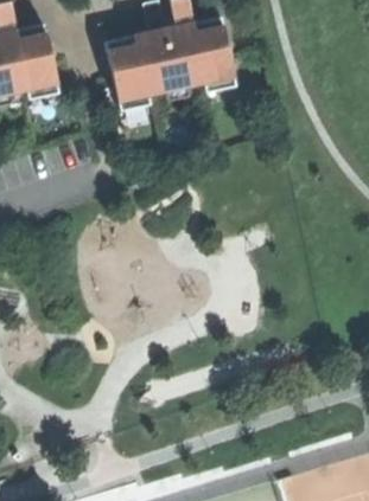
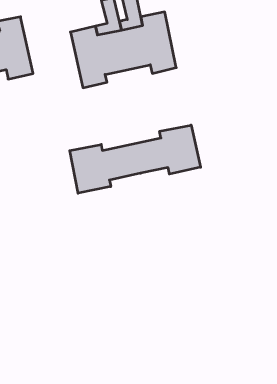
building: none -> [70,125,201,193]

